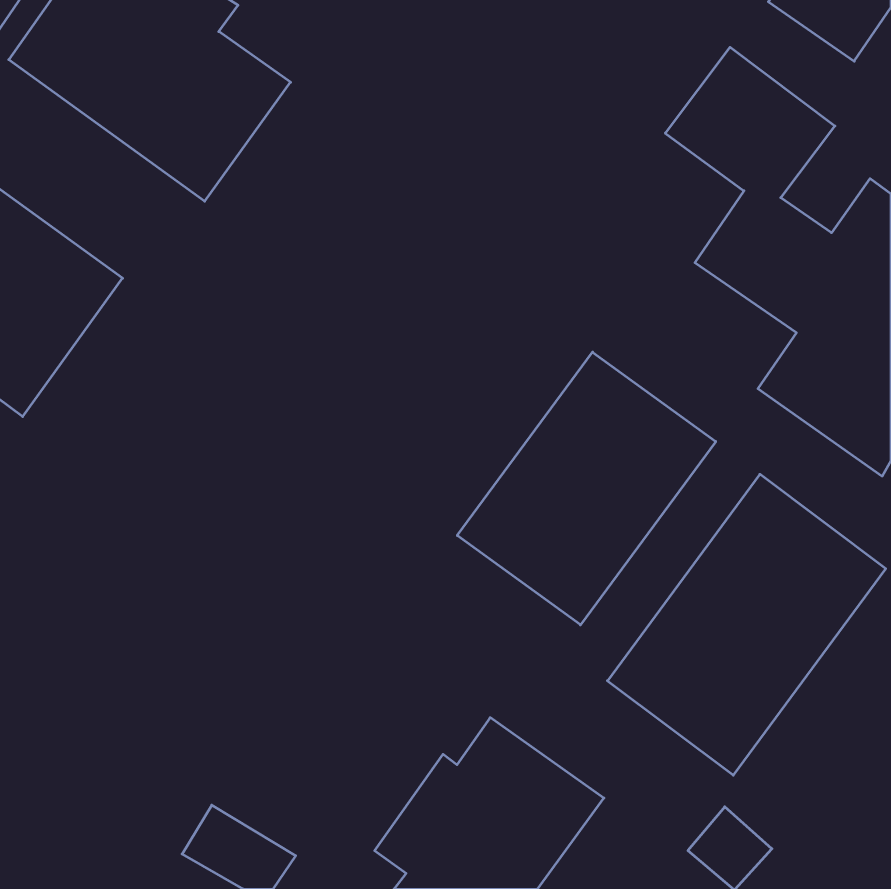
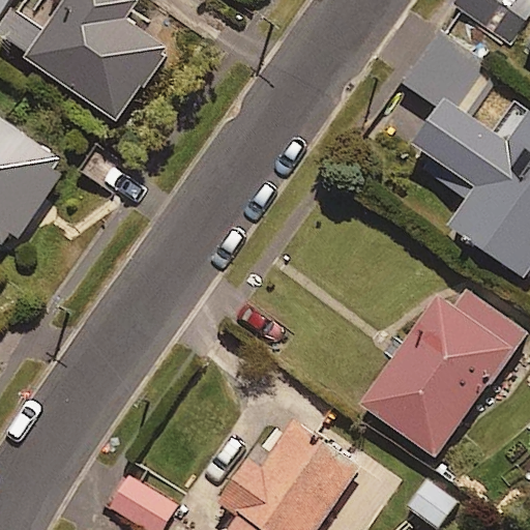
building: [457,352,716,625] -> none

